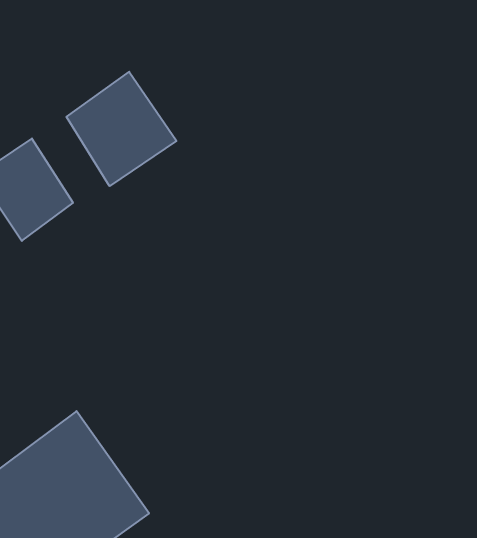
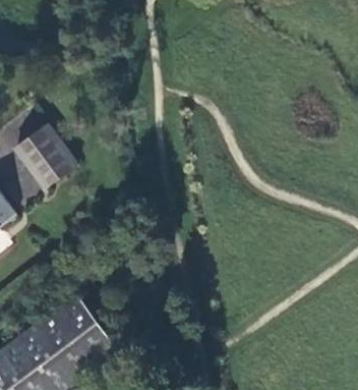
building: [66,72,176,186] -> none

